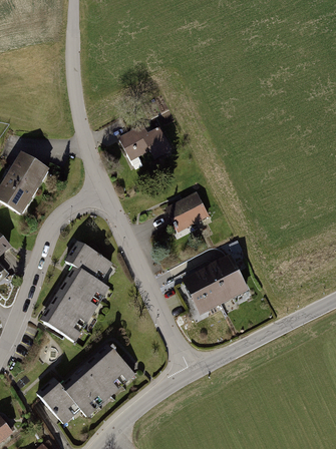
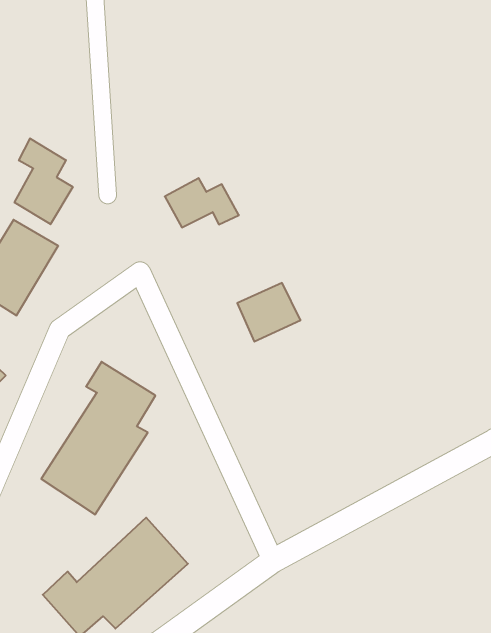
building: none -> [15,138,73,224]
building: [183,259,244,312] -> none

